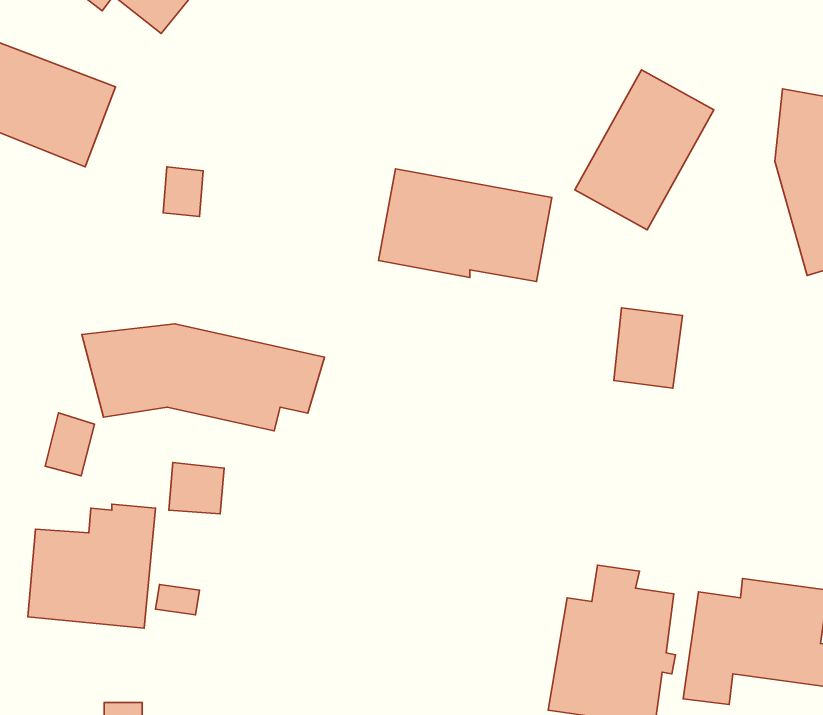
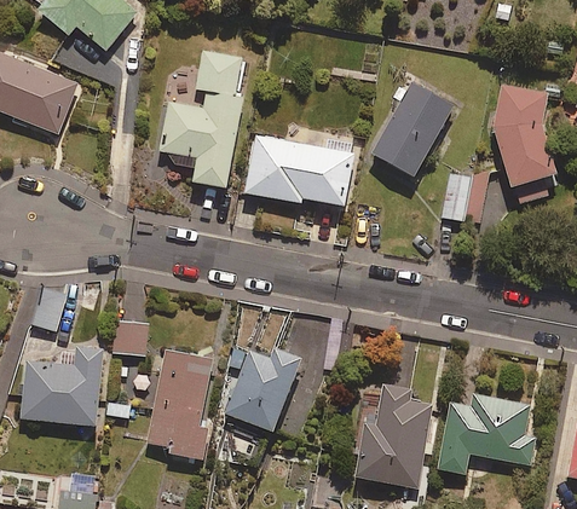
building: none -> [160,50,243,189]
building: [614,308,682,388] -> [443,170,486,221]
building: [82,324,324,431] -> none
building: none -> [223,346,301,433]
building: none -> [148,351,212,461]

